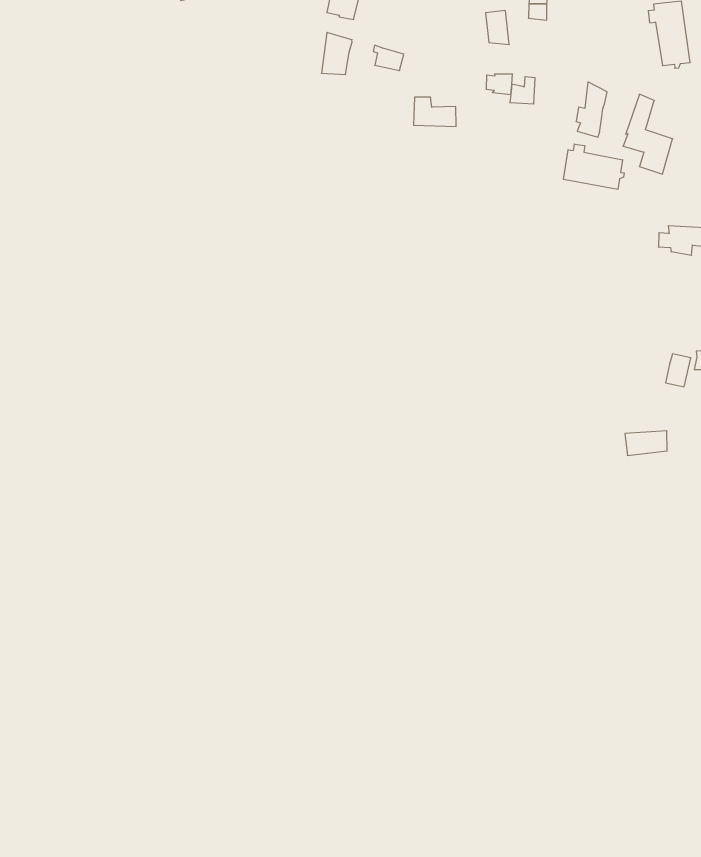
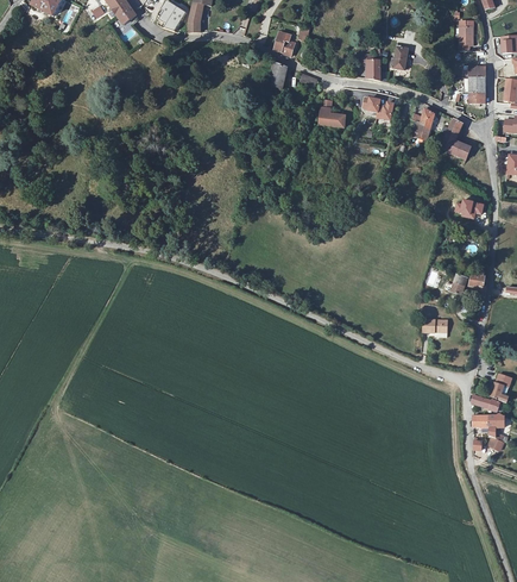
building: [563,144,624,189] -> none

